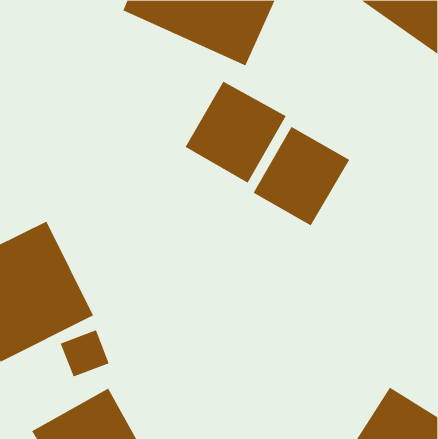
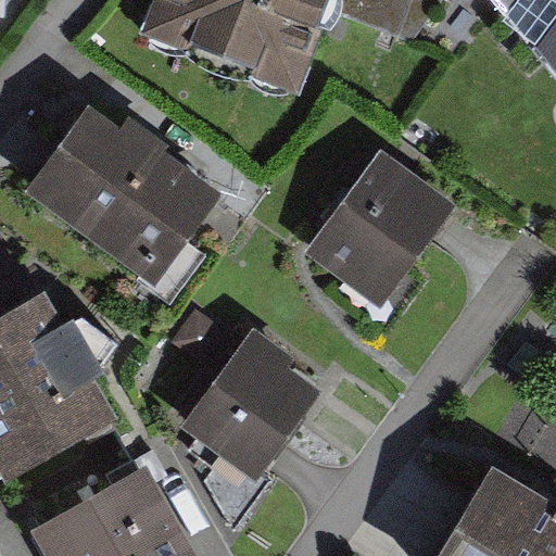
building: none -> [30,94,222,273]
building: [185,81,287,183] -> none
building: none -> [184,351,303,481]

